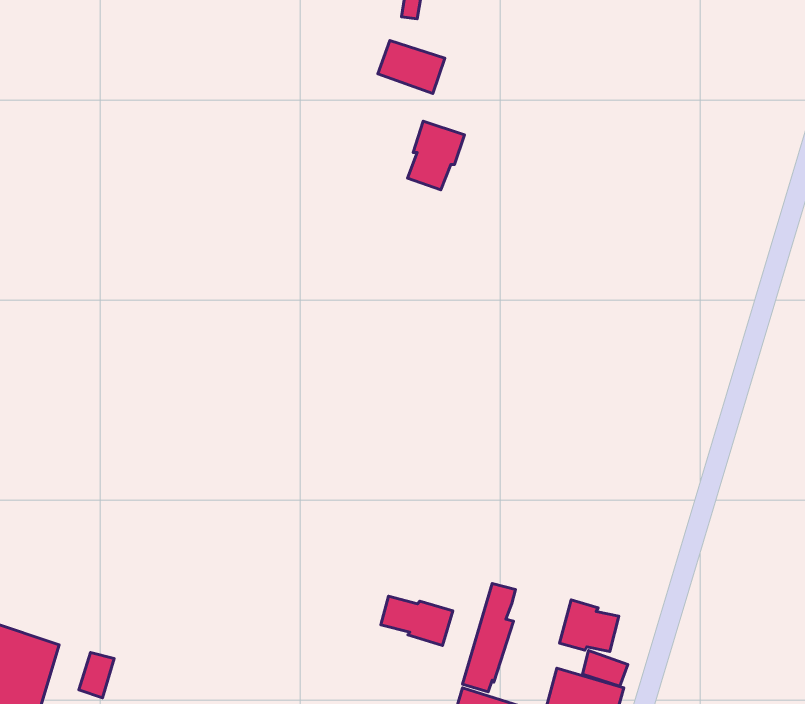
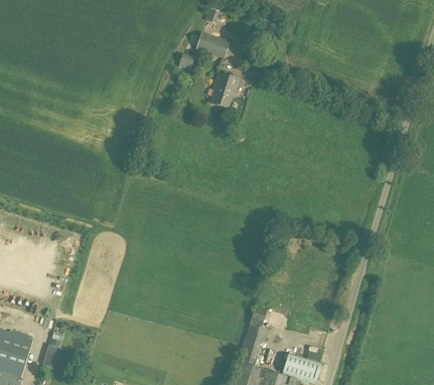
building: [381,596,453,646] -> none
building: [559,600,619,652] -> none

